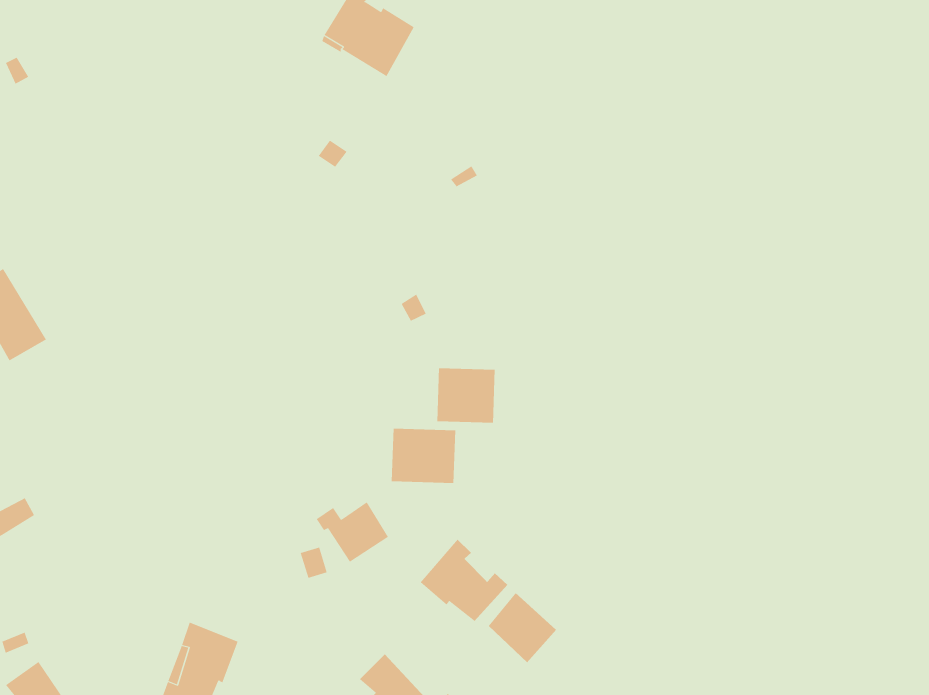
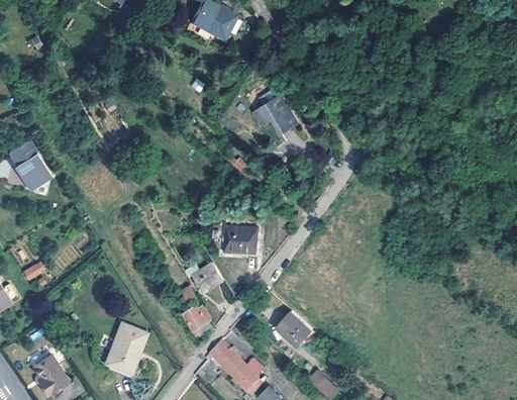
building: none -> [255,94,298,133]
building: [437,367,495,423] -> none
building: [420,539,508,622] -> none
building: none -> [185,305,211,334]

